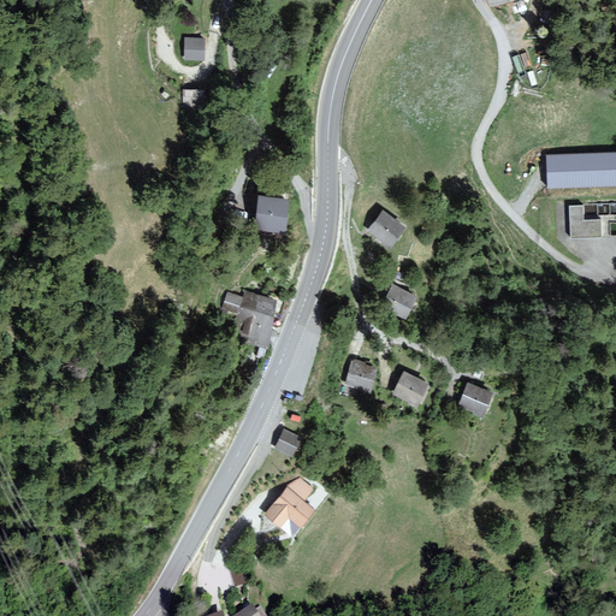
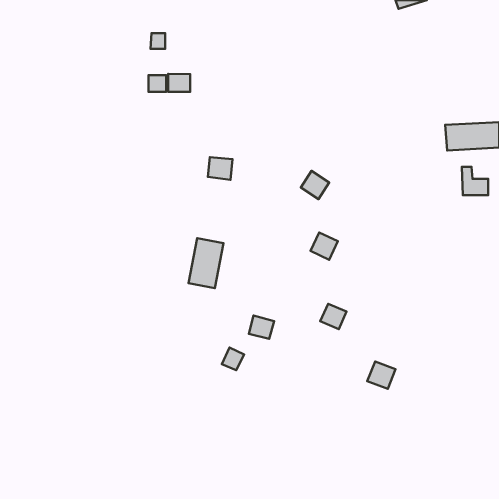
building: none -> [168,74,190,92]
building: [345,362,377,391] -> [249,315,274,339]
building: [458,383,493,416] -> [367,362,396,389]
building: [266,479,313,526] -> none

